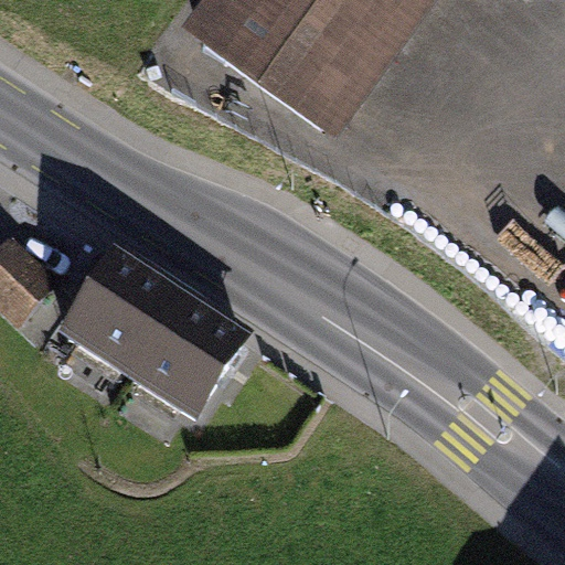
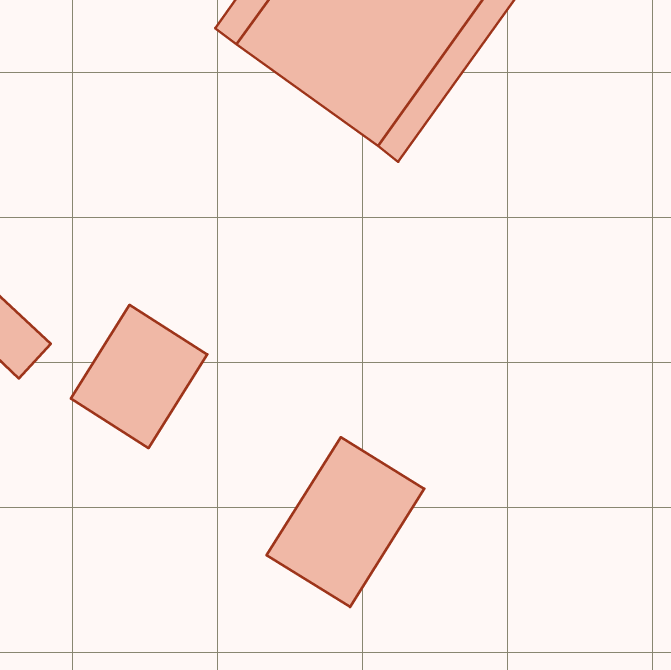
building: [122,292,235,409] -> none
building: none -> [267,437,424,607]

